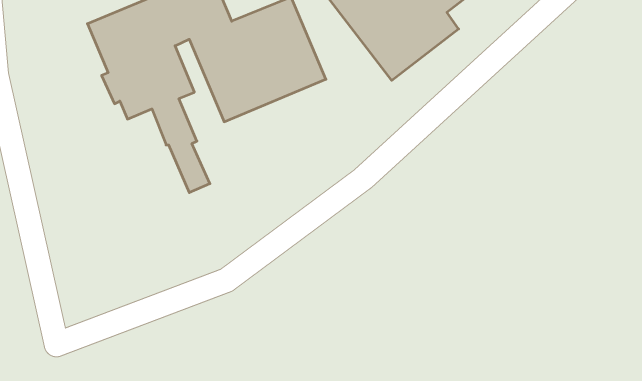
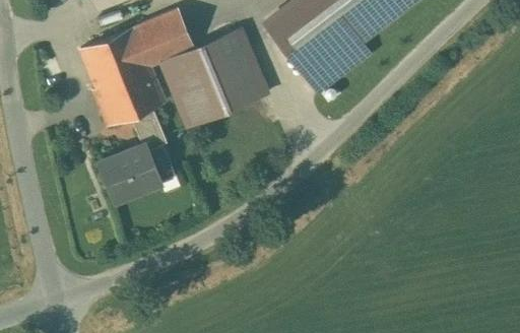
building: none -> [100,145,160,202]

